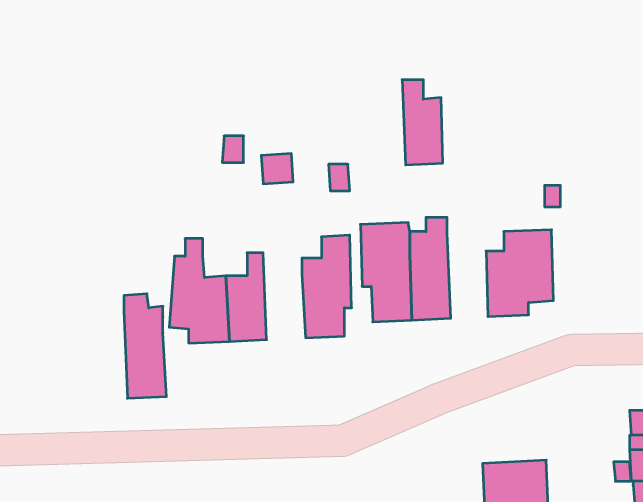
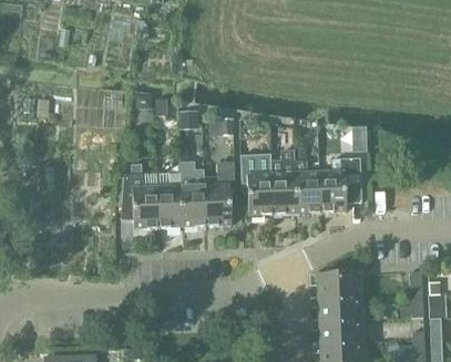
building: [402,80,443,165] -> [296,159,321,213]
building: [124,294,166,398] -> [181,161,207,226]
building: none -> [317,272,358,303]

